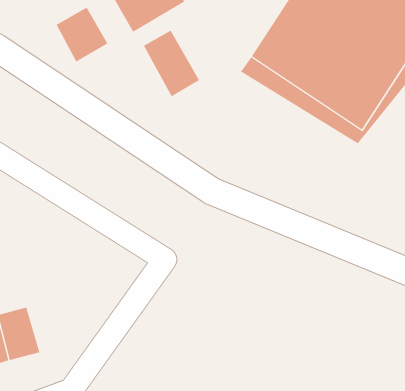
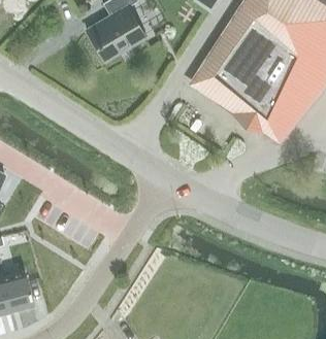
building: [56,7,108,63] -> none
building: [143,30,200,97] -> none

